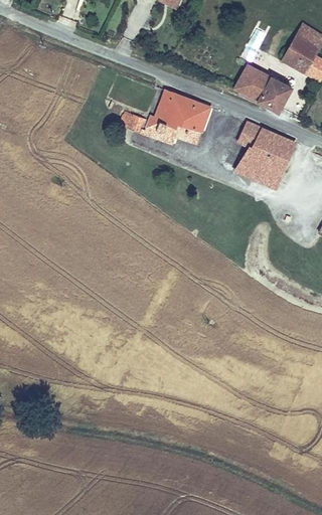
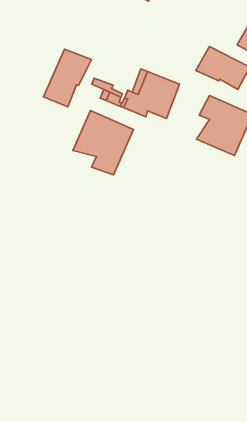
building: none -> [43,49,91,107]
building: none -> [73,111,133,175]

